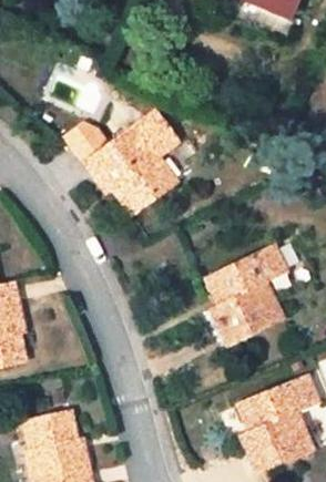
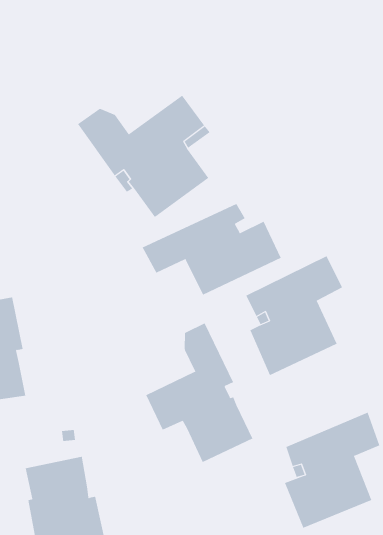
building: none -> [142,203,281,296]
building: none -> [146,322,253,463]

